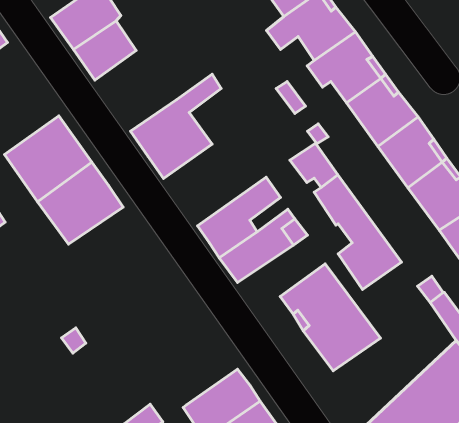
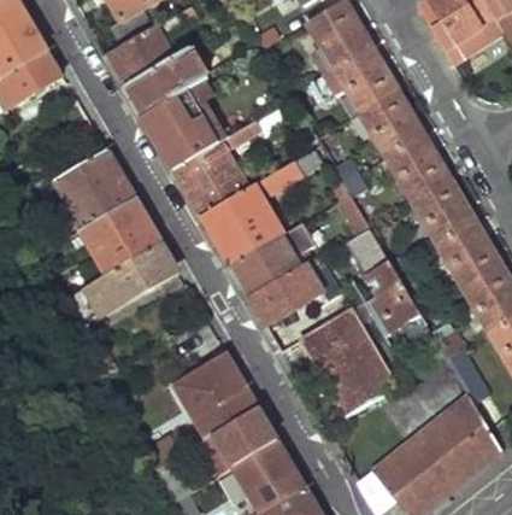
building: none -> [145,80,222,168]
building: none -> [202,150,323,264]
building: none -> [55,240,176,326]
building: none -> [176,352,258,435]

